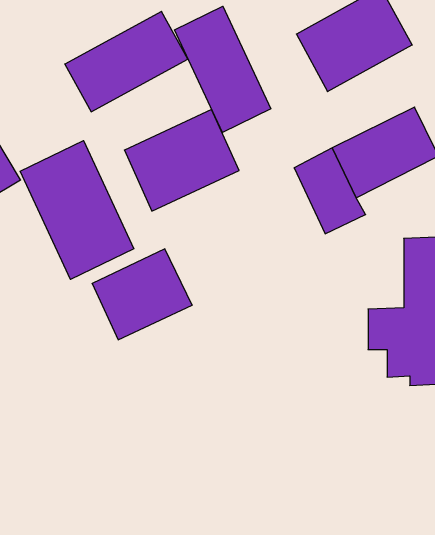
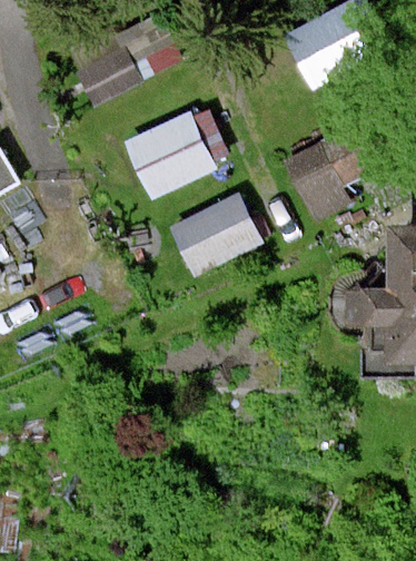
building: [175,6,271,133] -> none
building: [20,141,134,279] -> none
building: [92,249,192,340] -> [169,193,263,277]

